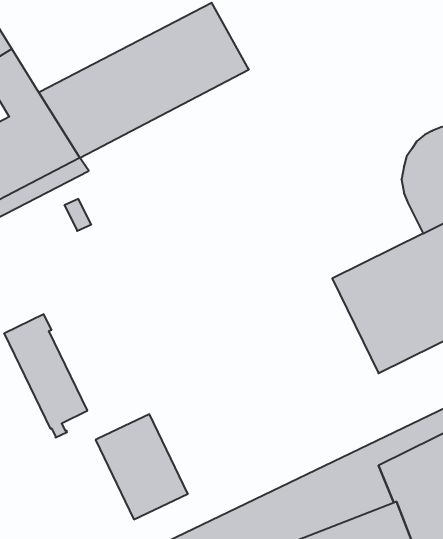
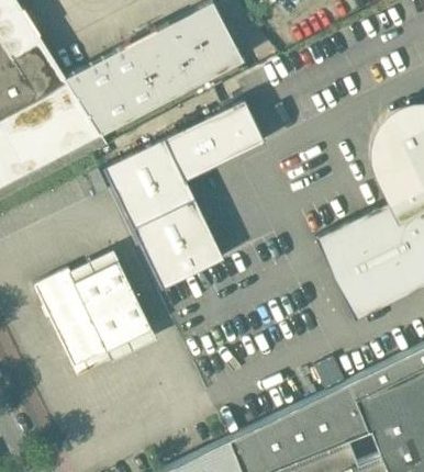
building: none -> [102,102,263,285]
building: [96,414,188,519] -> [74,262,153,352]

